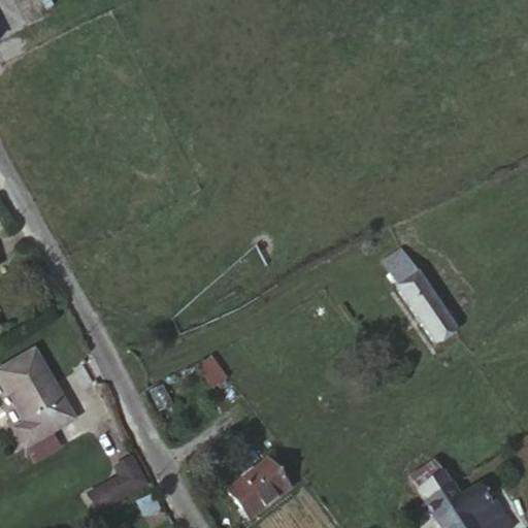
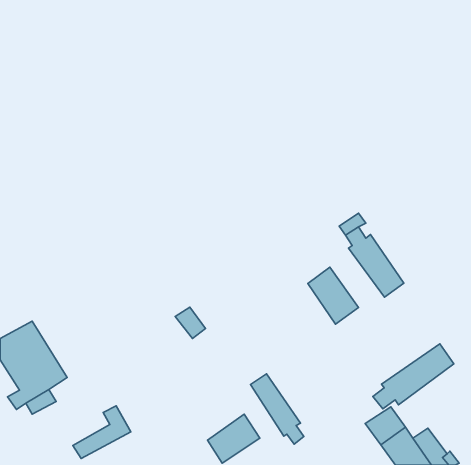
building: none -> [308,267,359,324]
building: none -> [373,344,454,409]
building: none -> [251,374,304,444]

